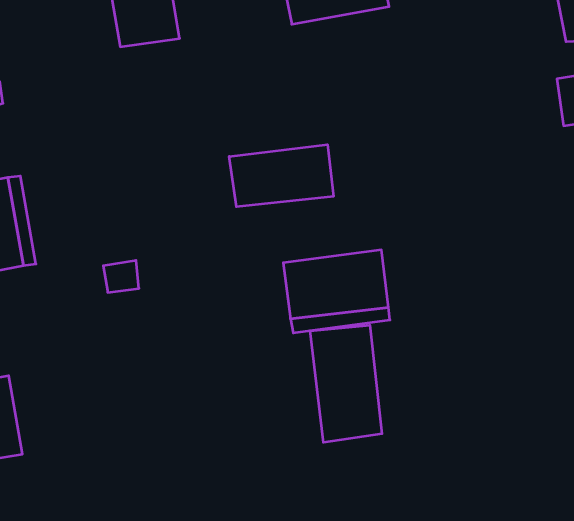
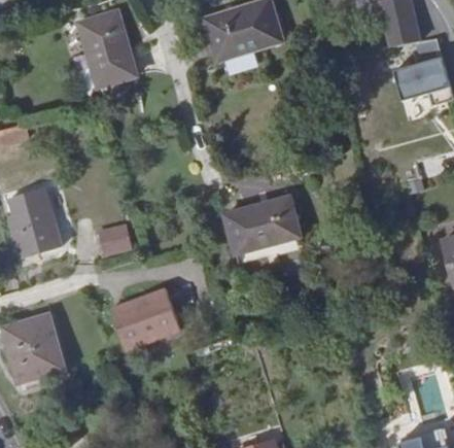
building: [229,145,333,207] -> none
building: [310,325,382,442] -> none
building: none -> [103,288,173,349]

